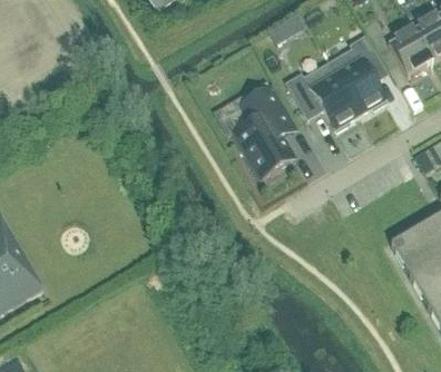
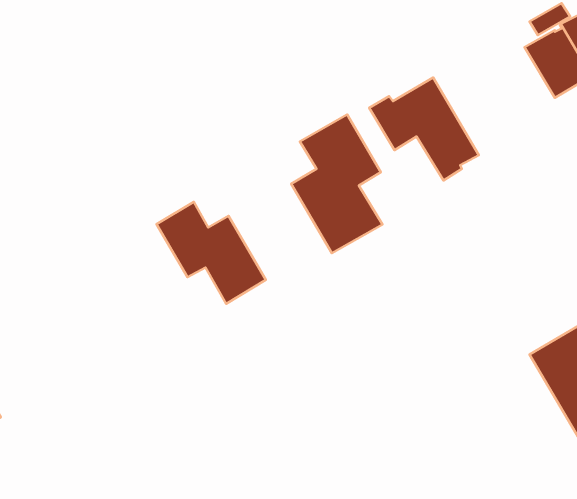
building: [327,33,384,112] -> none
building: none -> [157,202,266,304]

